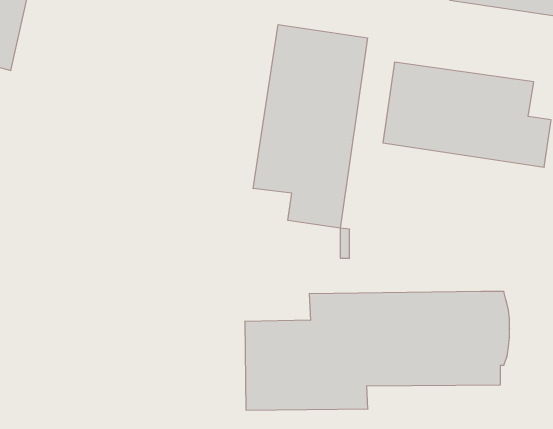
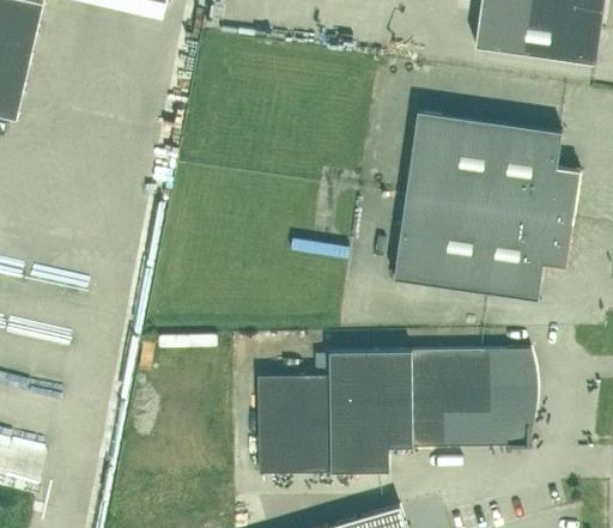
building: [253,25,367,228] -> none
building: none -> [393,195,572,301]

